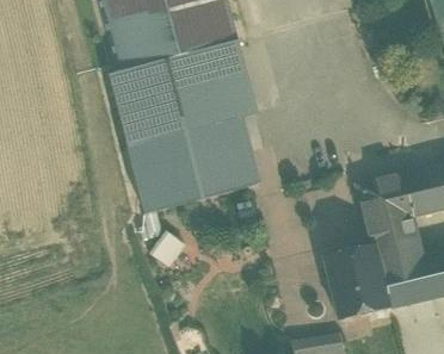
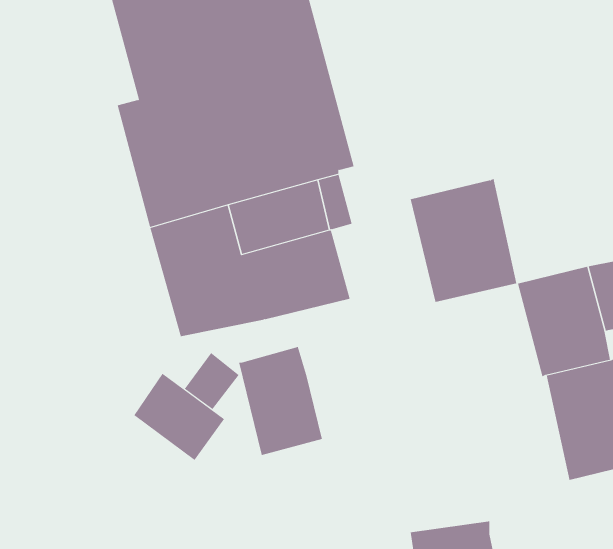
building: none -> [239,346,323,456]
building: none -> [134,373,225,461]
building: [322,242,389,319] -> [410,178,517,303]

